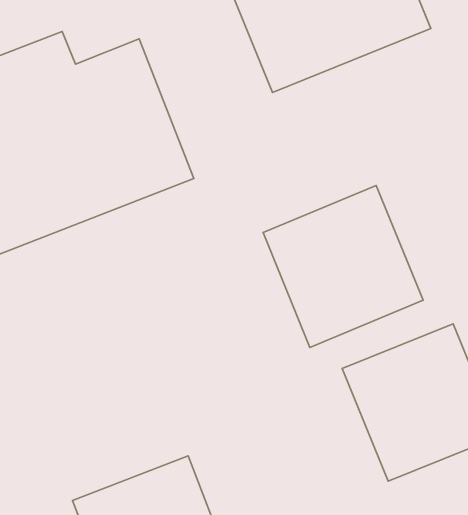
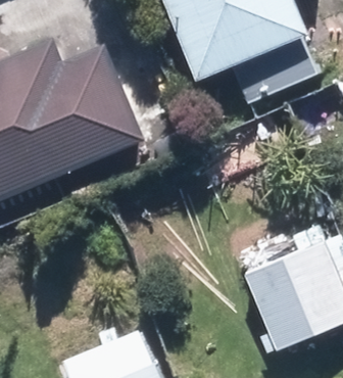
building: [263,185,423,347] -> none

